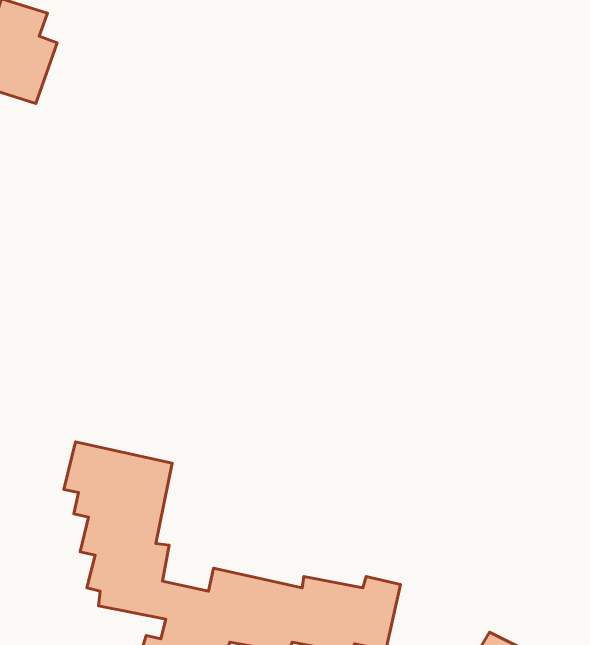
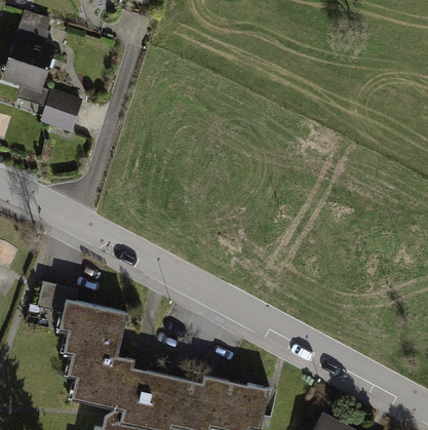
building: none -> [42,91,80,129]

